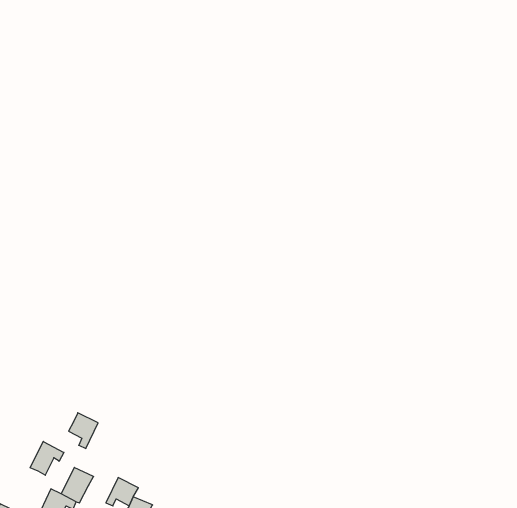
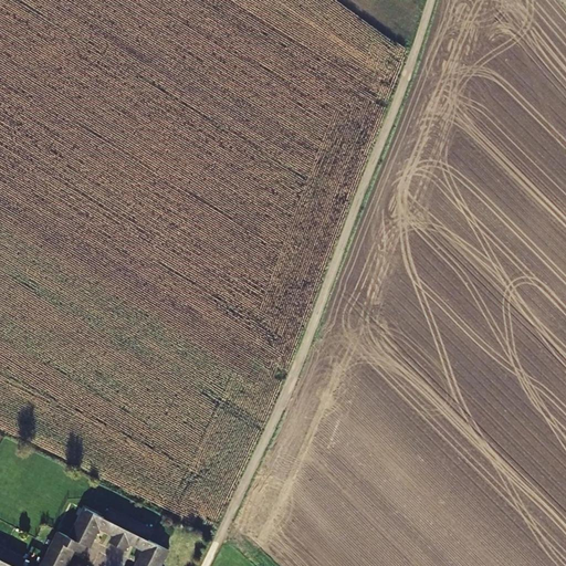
building: [69,413,98,448] -> [96,521,128,559]
building: [30,441,64,475] -> none

